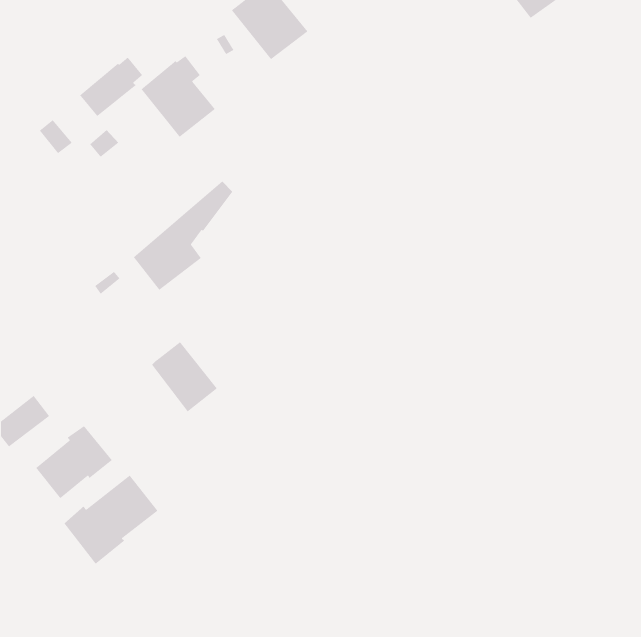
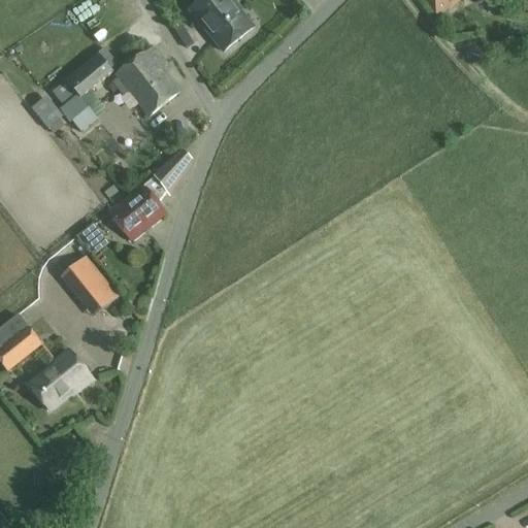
building: none -> [53,79,89,120]
building: [151,341,218,412] -> [64,257,119,316]
building: [63,475,159,565] -> none

